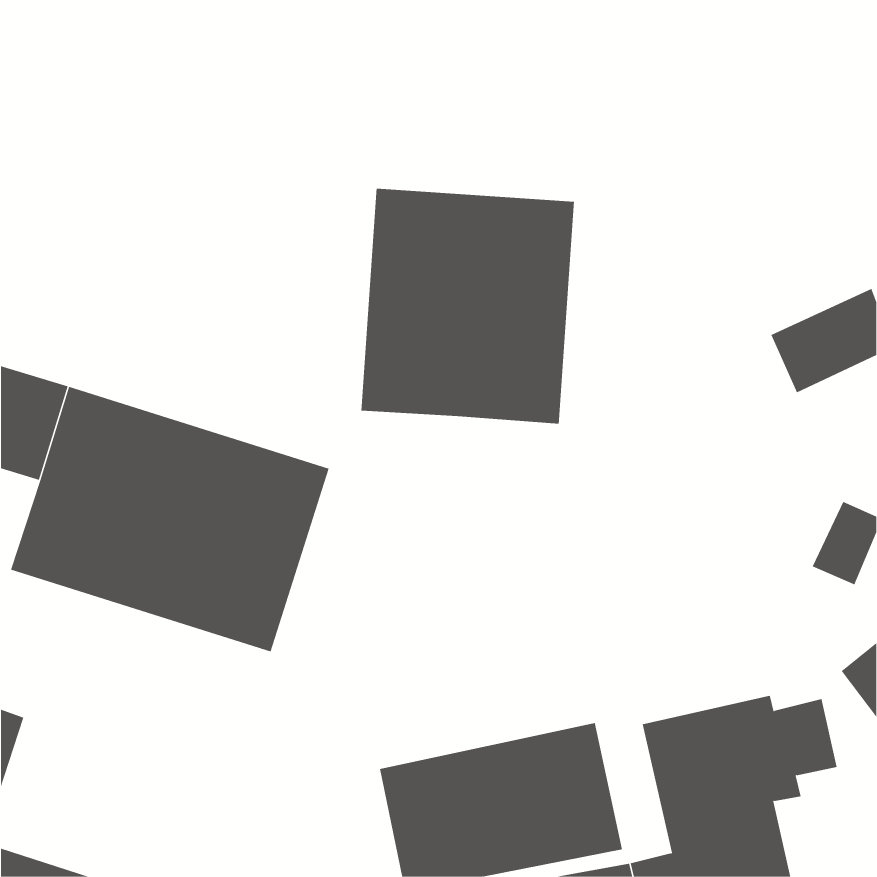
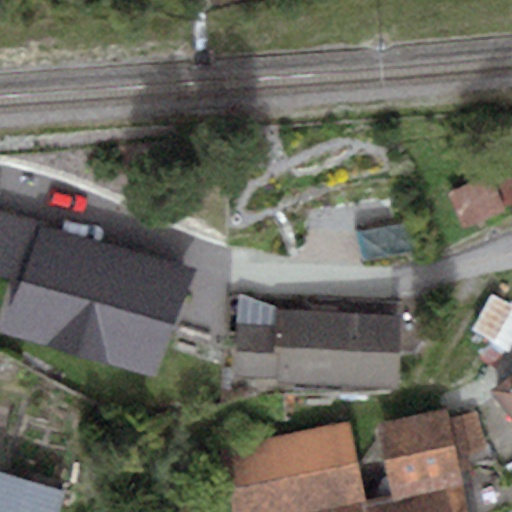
building: [361,188,574,424] -> none
building: none -> [235,309,400,389]

